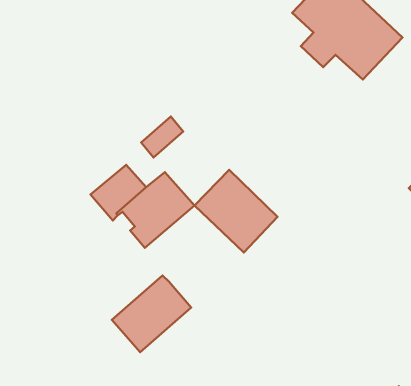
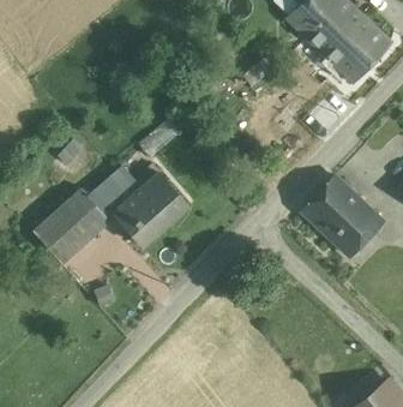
building: [194,170,277,253] -> [302,175,383,256]
building: [112,275,191,352] -> [35,188,112,263]

